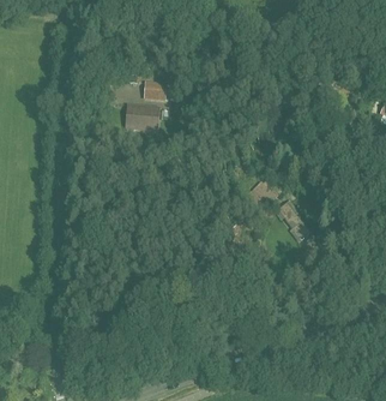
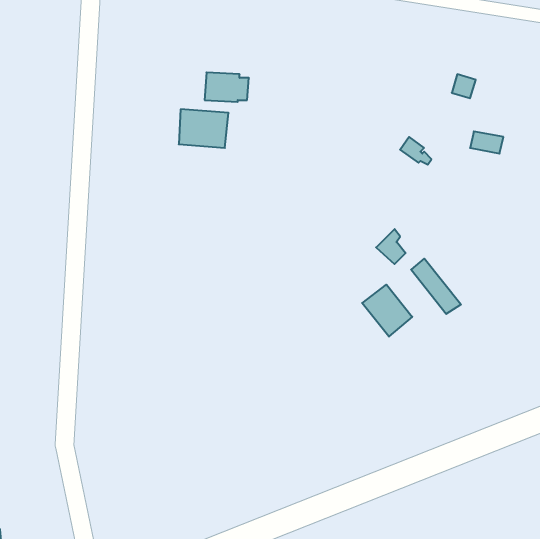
building: none -> [362,285,412,337]

